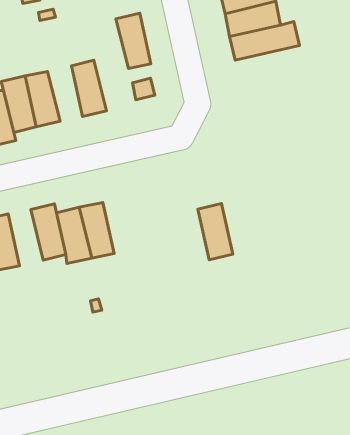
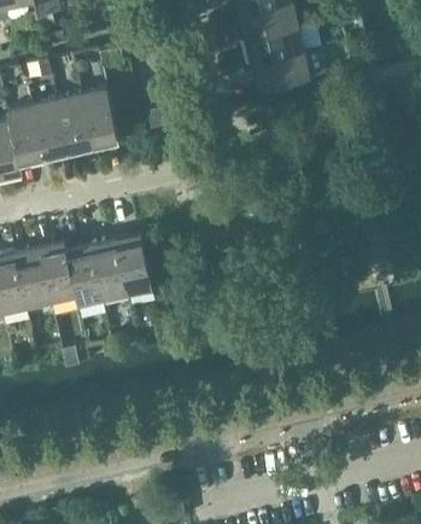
building: [116,13,151,69] -> [57,95,94,155]
building: [198,203,233,260] -> [116,235,153,296]
building: none -> [14,249,52,309]

